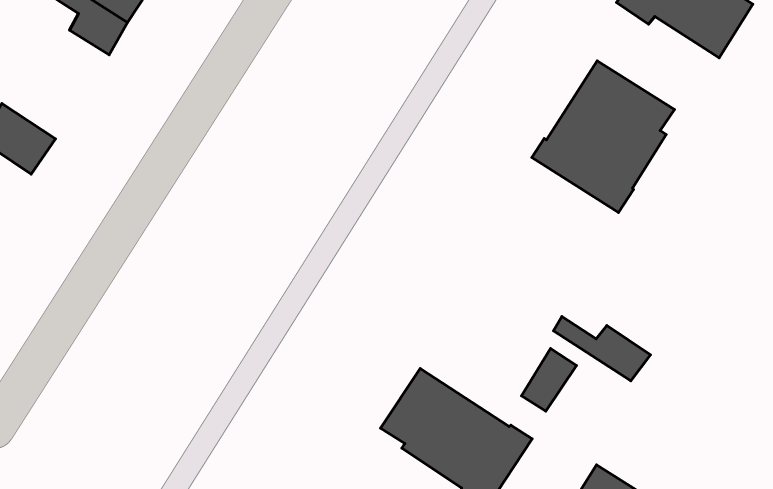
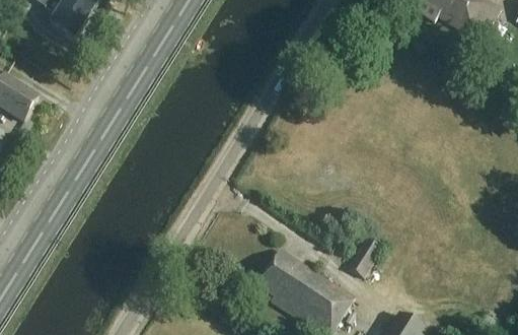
building: [532,61,675,212] -> none
building: [554,317,650,381] -> none

